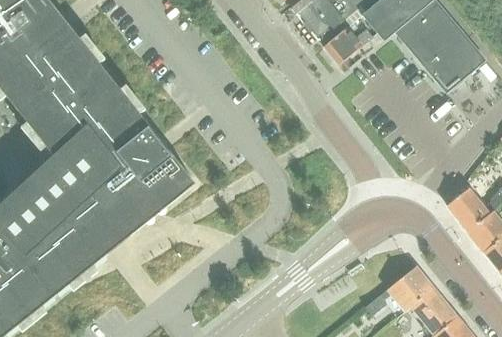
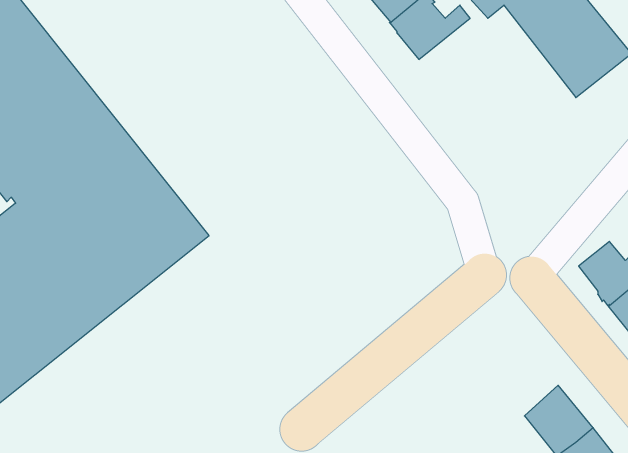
building: [364,263,432,314] -> none

